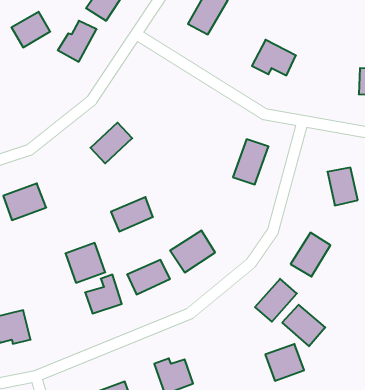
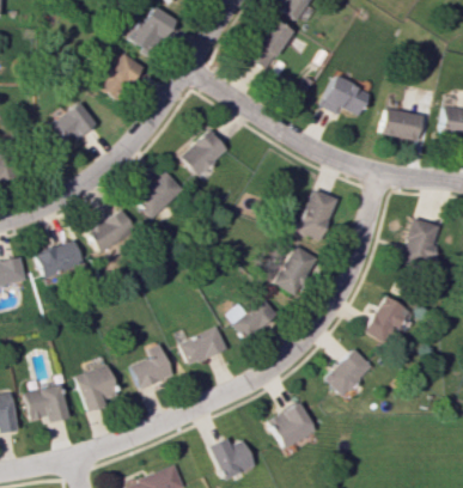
building: [11,12,50,47] -> [51,103,96,144]
building: none -> [382,108,424,140]
building: none -> [181,129,229,176]
building: none -> [272,245,317,295]
building: [111,197,153,232] -> [89,211,136,250]
building: [65,243,105,283] -> [73,365,118,410]
building: [282,305,325,346] -> none
building: [265,344,304,381] -> [269,404,313,446]

